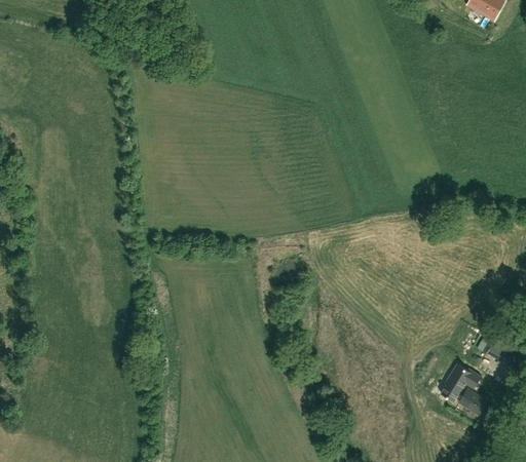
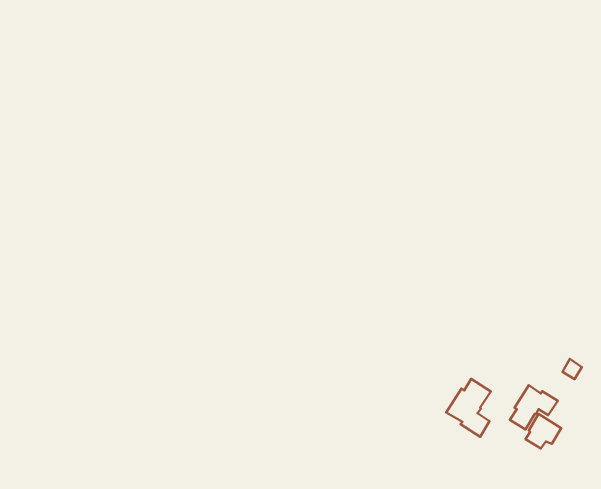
building: none -> [446,379,491,437]

